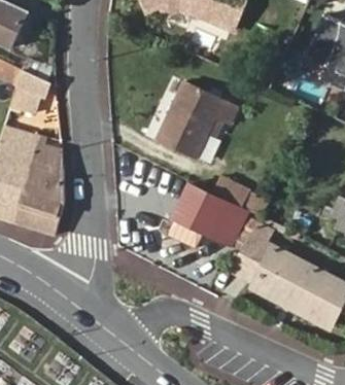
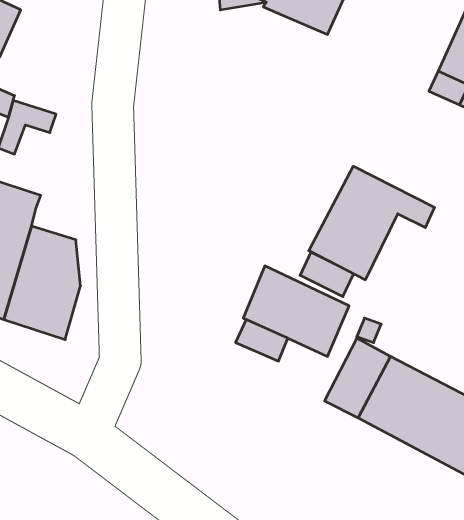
building: [157,81,241,158] -> [309,166,435,280]

